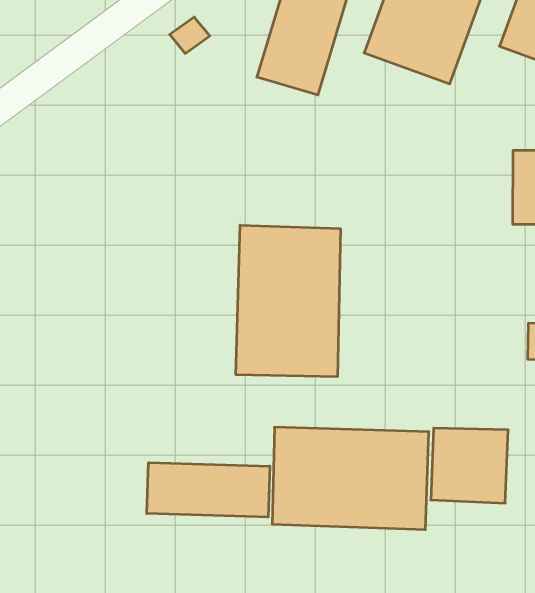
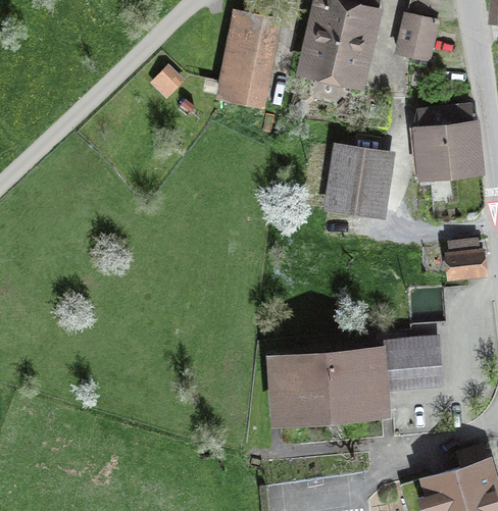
building: none -> [326,144,394,218]
building: [236,225,340,377] -> none
building: [147,463,270,517] -> none

